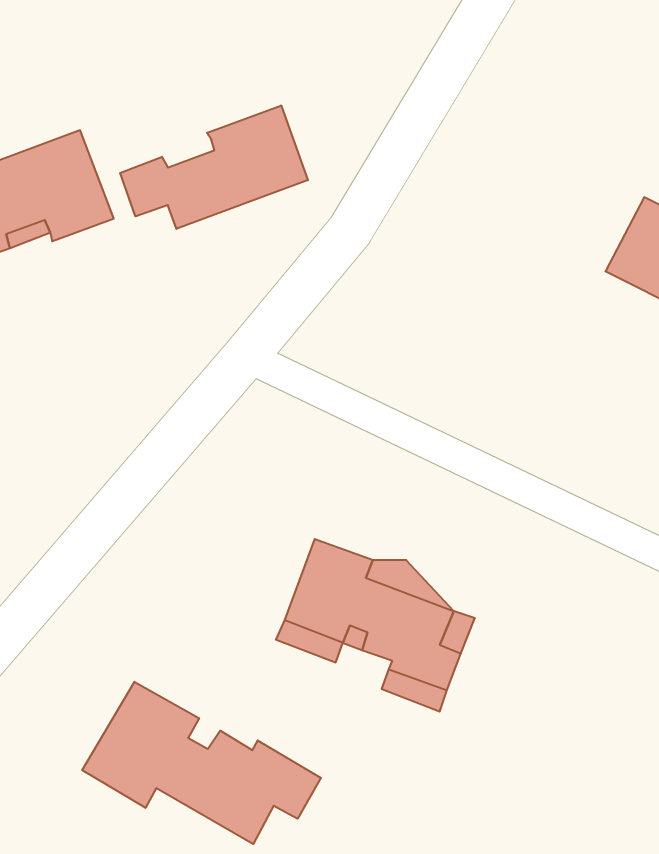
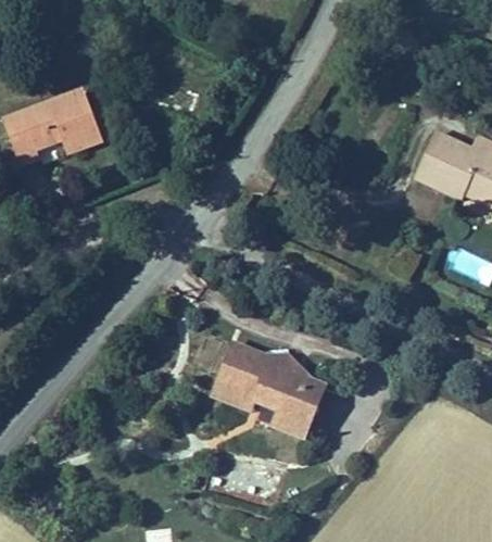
building: [120,105,308,229] -> none
building: [82,682,321,844] -> none

